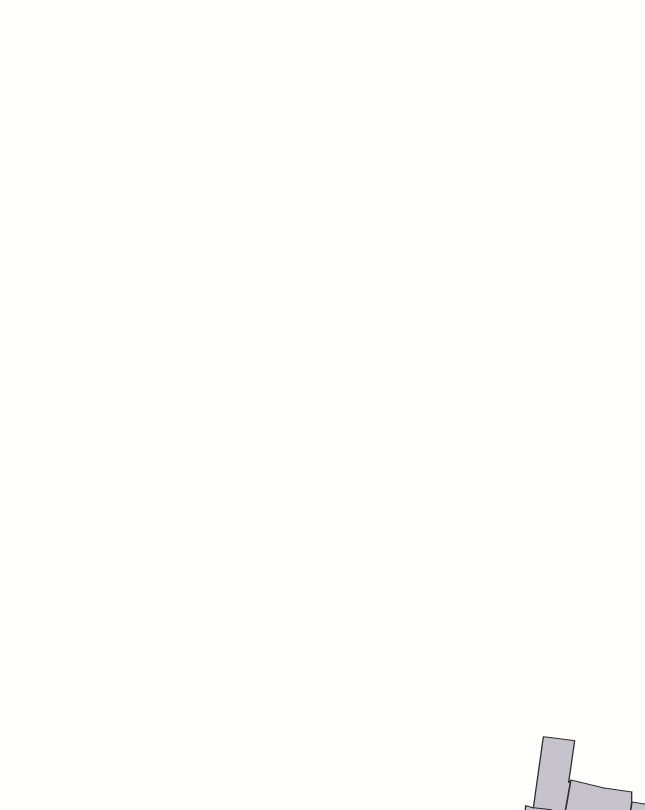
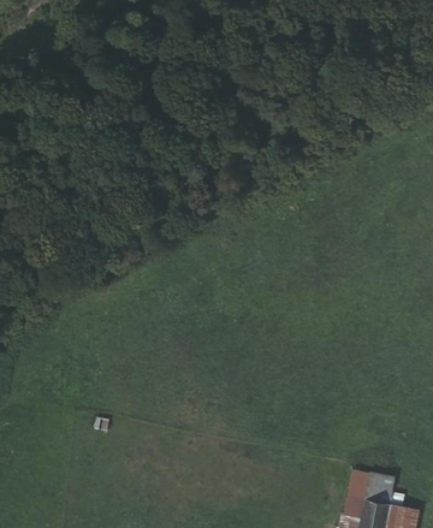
building: none -> [368,477,393,506]

